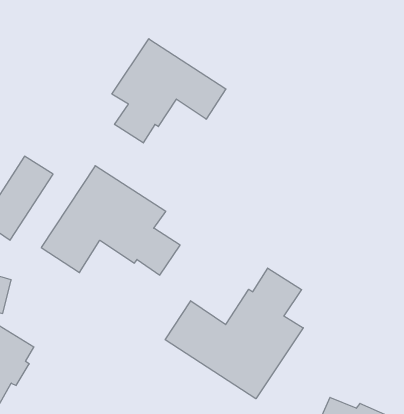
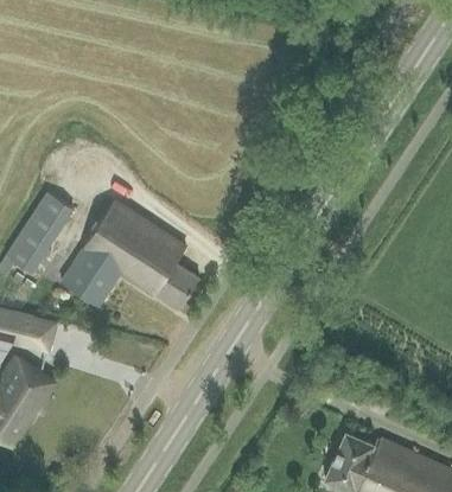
building: [112,39,226,143] -> none
building: [165,268,303,399] -> none

